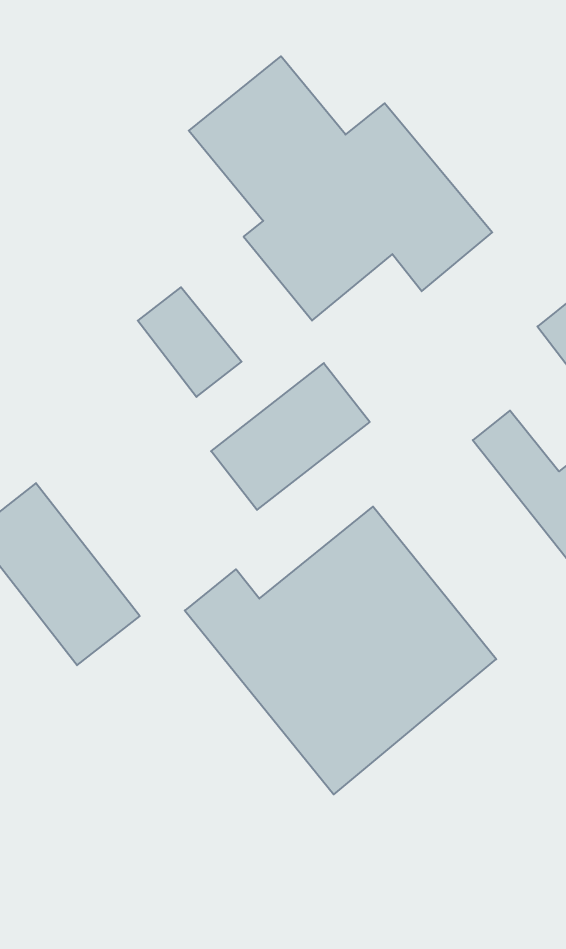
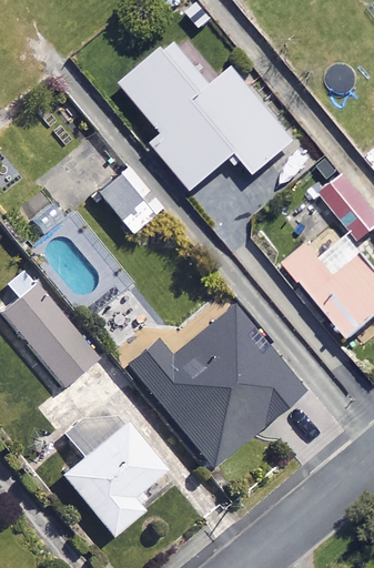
building: [211,363,370,510] -> none
building: none -> [59,419,163,535]

